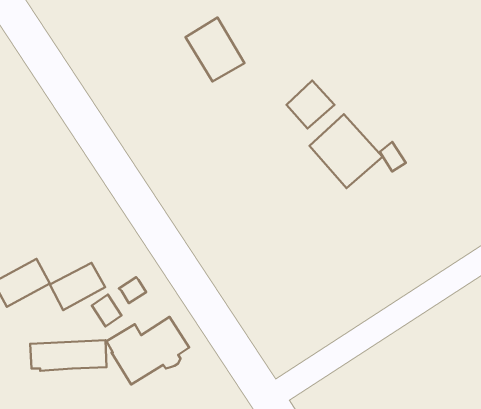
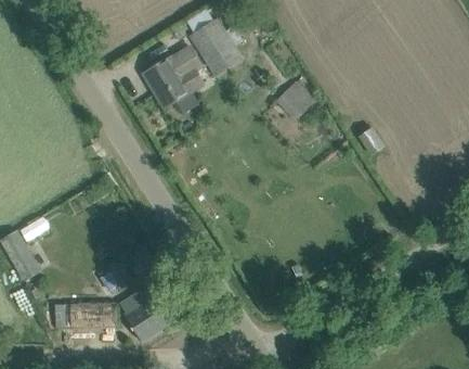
building: none -> [143,47,203,109]
building: [309,114,382,188] -> none
building: [50,263,105,310] -> none

